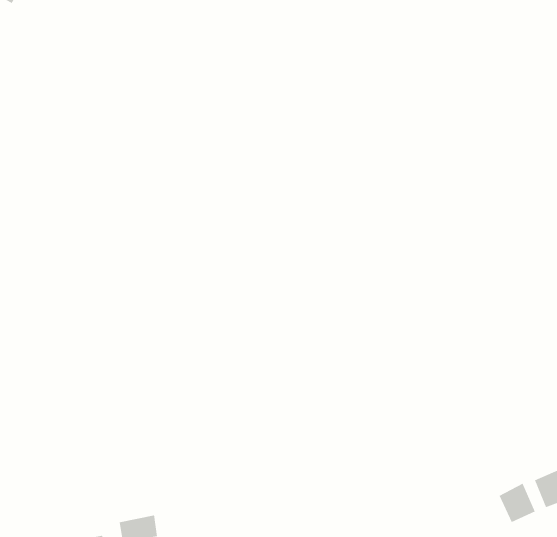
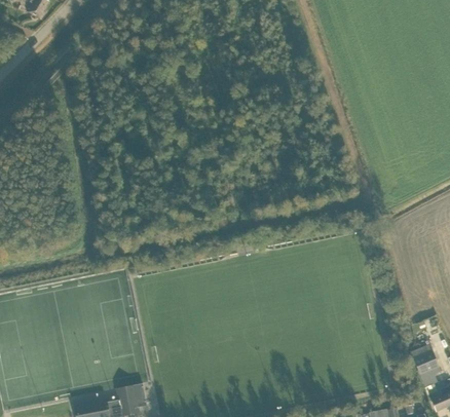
building: [499,483,536,523] -> none

